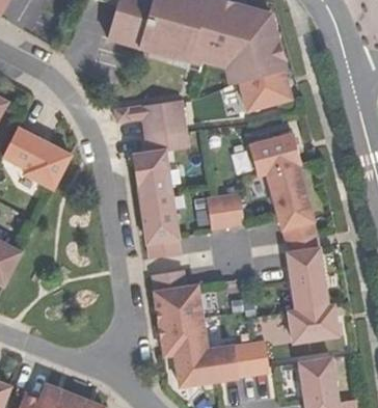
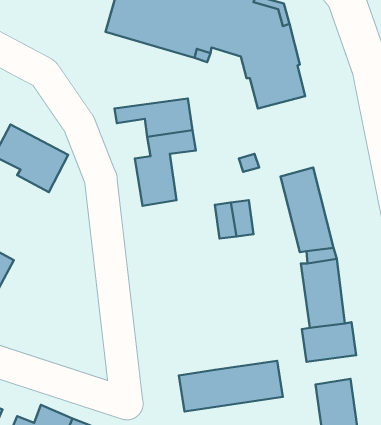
building: [250,134,302,175] -> none
building: [141,194,182,259] -> none
building: [153,271,208,356] -> none

